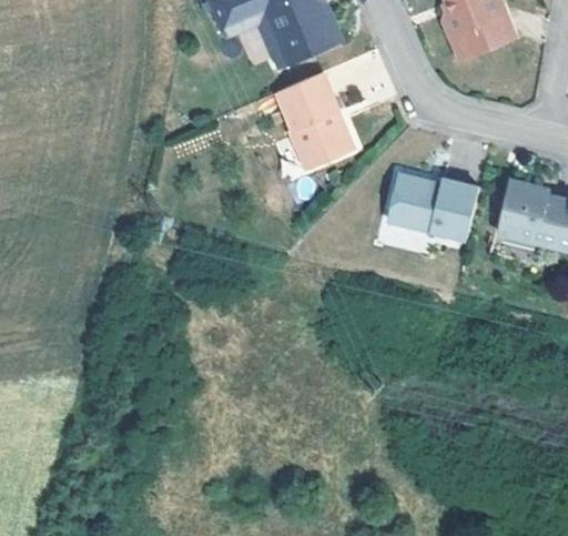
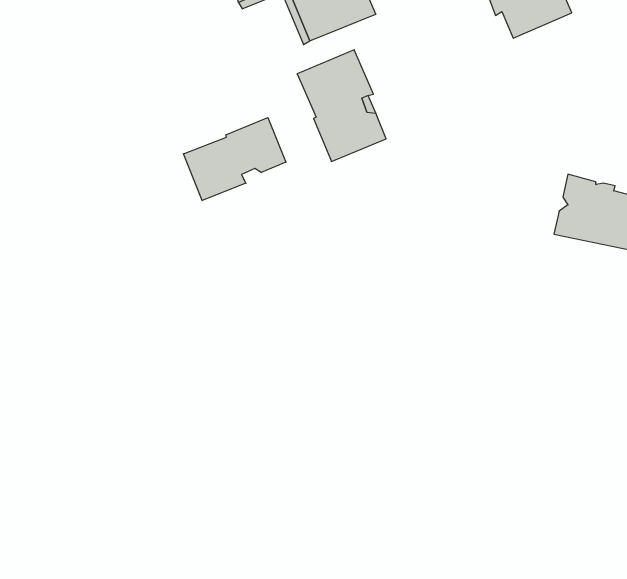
building: none -> [183,118,286,201]
building: [389,174,480,239] -> none

